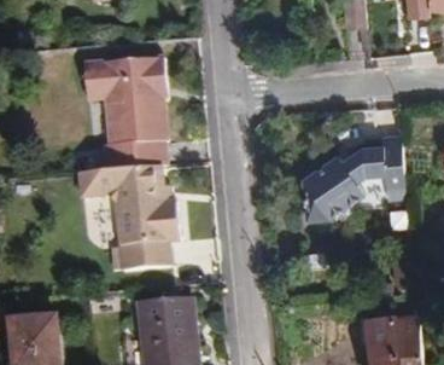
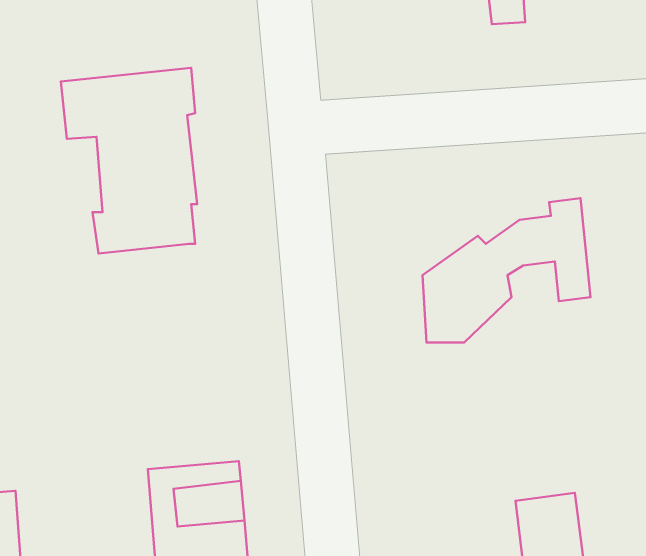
building: [80,163,181,268] -> none

